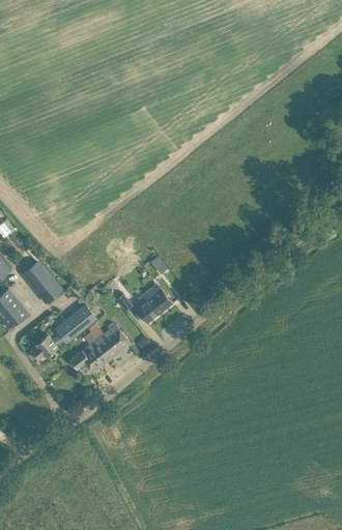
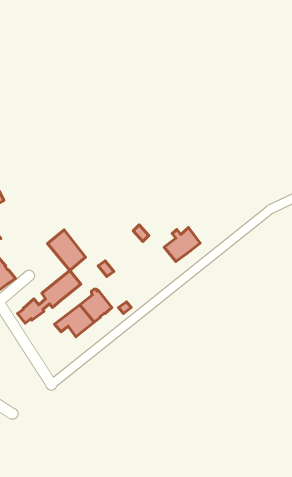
building: [21,259,61,302] -> [48,230,86,271]
building: [133,287,171,323] -> [164,228,200,262]

